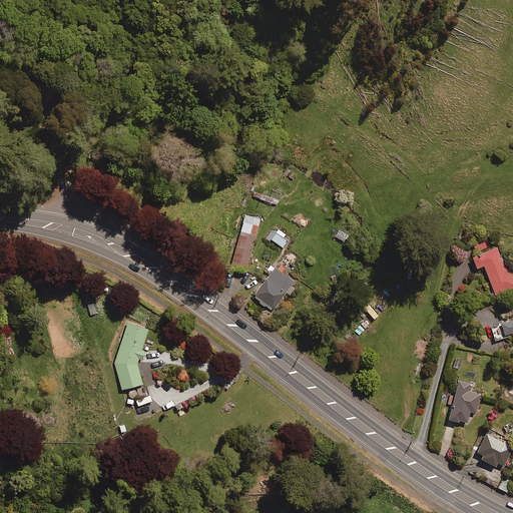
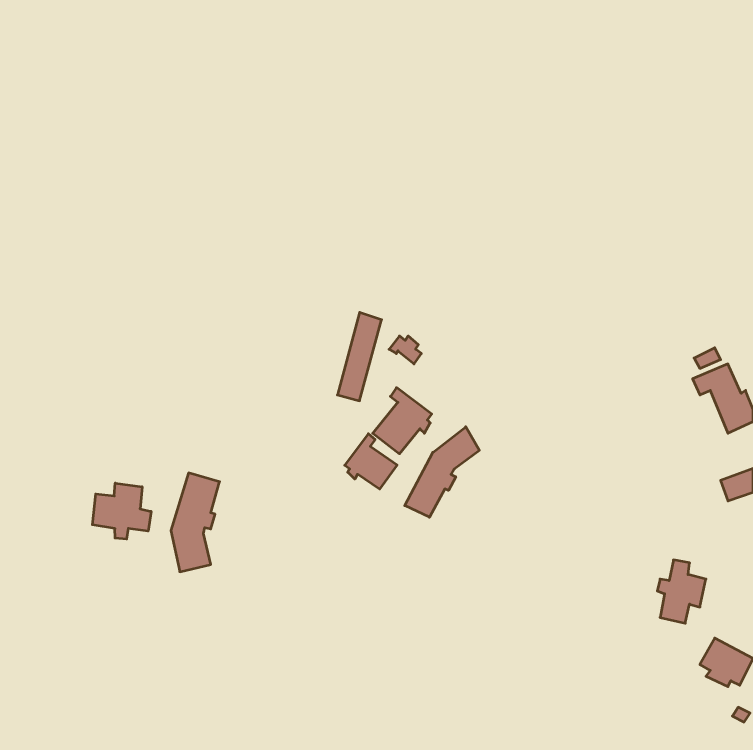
building: none -> [405,427,479,517]
building: none -> [345,434,397,489]
building: none -> [92,483,151,539]

